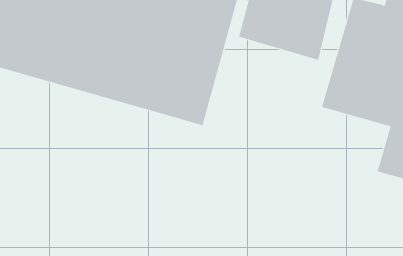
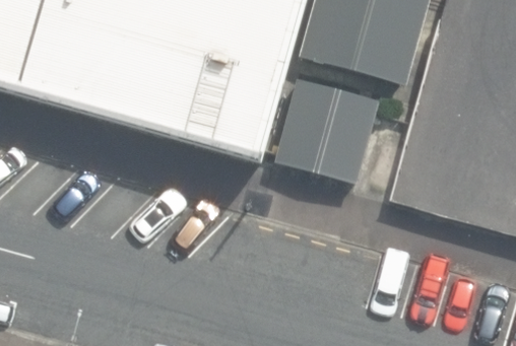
building: none -> [275,75,378,181]

